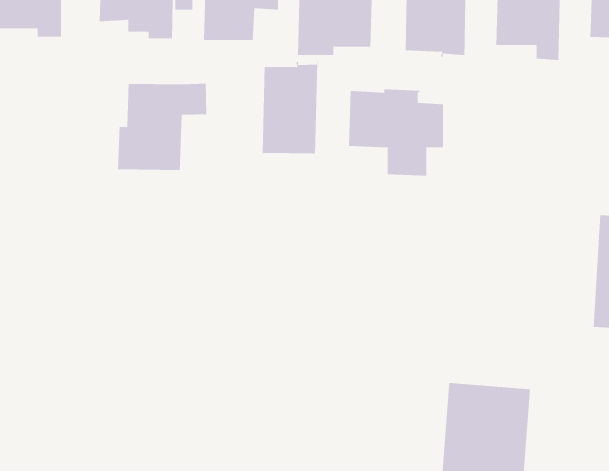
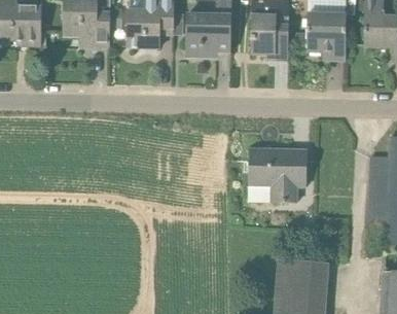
building: [262,61,318,154] -> none
building: [117,83,207,171] -> none
building: [348,89,444,176] -> [248,148,306,202]

